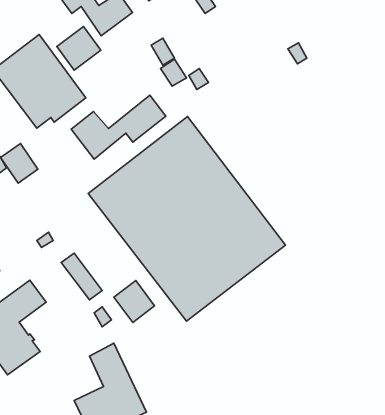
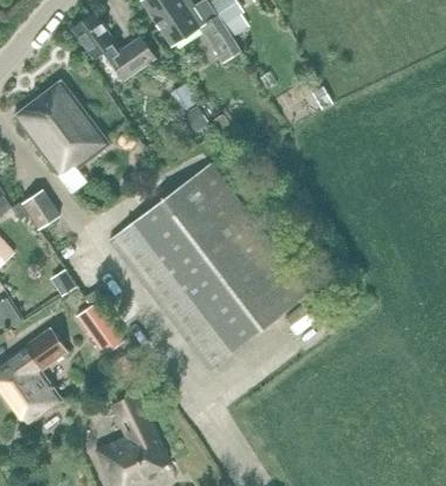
building: [57,26,101,70] -> none
building: [71,95,166,159] -> none
building: [114,280,155,322] -> none

